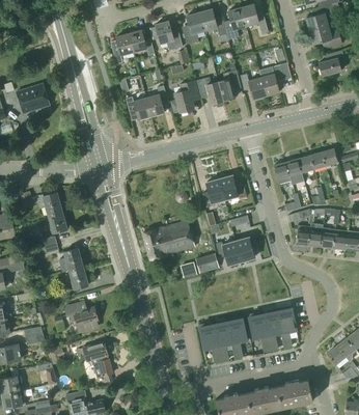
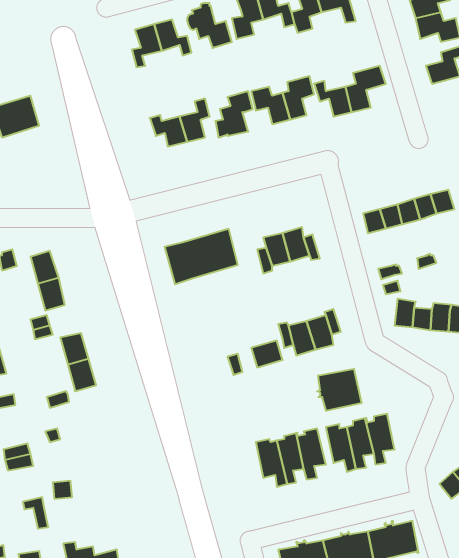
building: [142,221,193,259] -> [165,229,238,284]
building: none -> [317,369,361,411]
building: [65,301,98,332] -> none
building: [83,342,112,377] -> none

